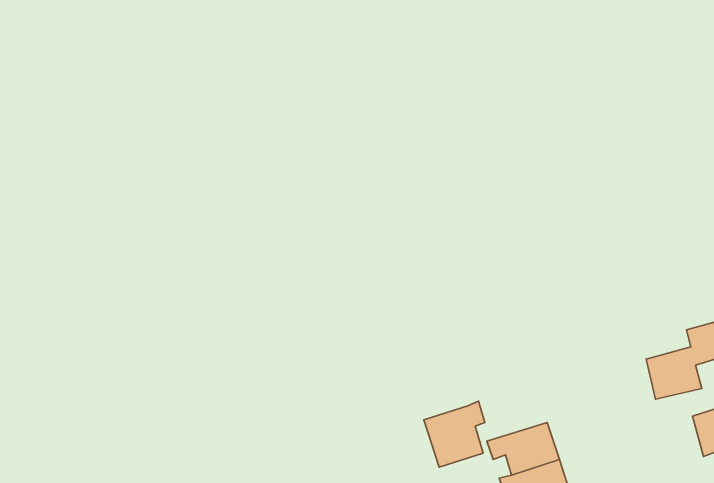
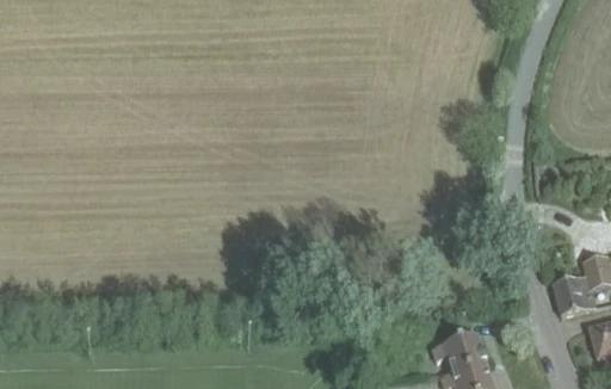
building: [424,401,485,467] -> none

